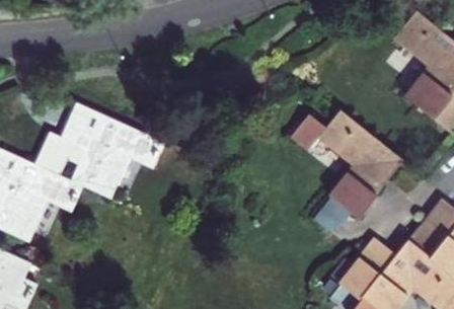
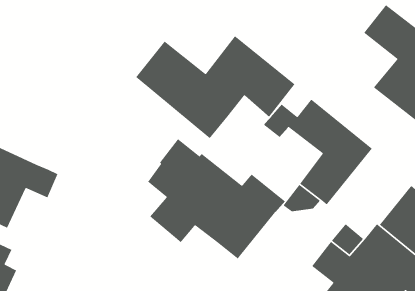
building: none -> [135,35,296,139]
building: [27,100,163,200] -> none
building: none -> [147,138,286,260]

